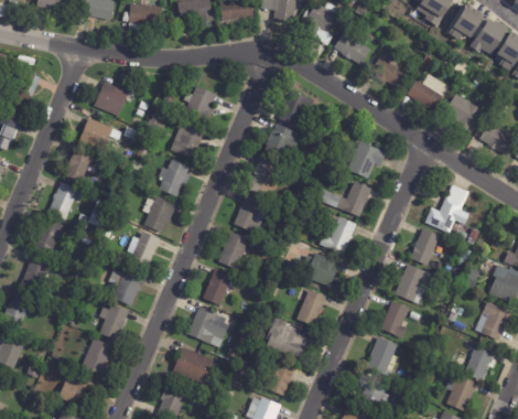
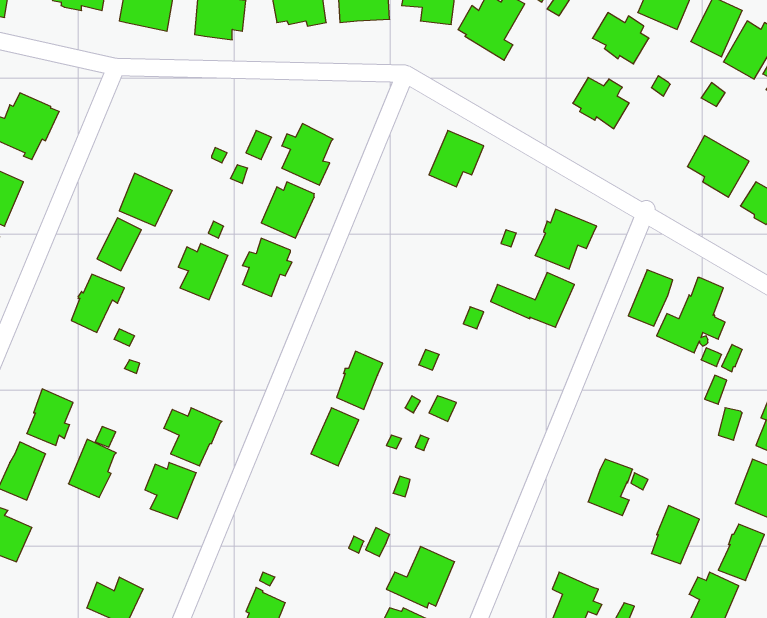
building: [334,31,370,64] -> [592,13,649,64]
building: [408,73,450,111] -> none
building: [95,82,129,116] -> none
building: [266,122,299,158] -> none
building: [249,158,280,196] -> none
building: [142,195,174,232] -> [178,243,228,300]
building: [235,195,267,234] -> none
building: [320,216,357,255] -> none
building: [34,218,63,255] -> none
building: [411,228,440,265] -> [628,270,673,326]
building: [127,230,160,268] -> none
building: [301,253,339,287] -> none
building: [396,264,438,304] -> none
building: [296,289,326,326] -> none
building: [188,305,229,347] -> none
building: [263,316,314,361] -> none
building: [367,336,398,374] -> [651,506,699,564]
building: [82,337,112,375] -> [68,439,116,497]
building: [173,346,214,384] -> none

